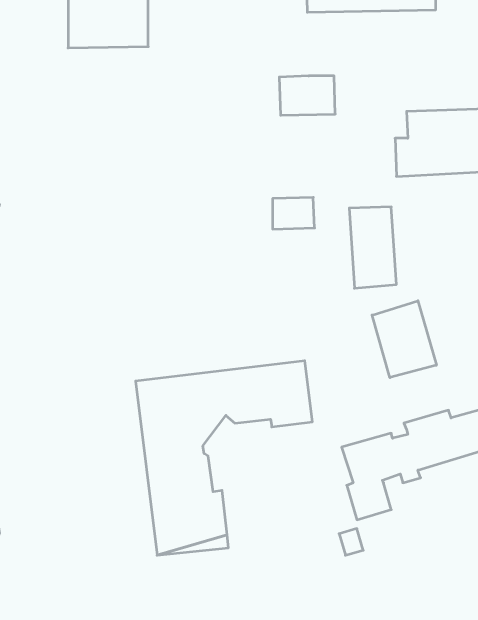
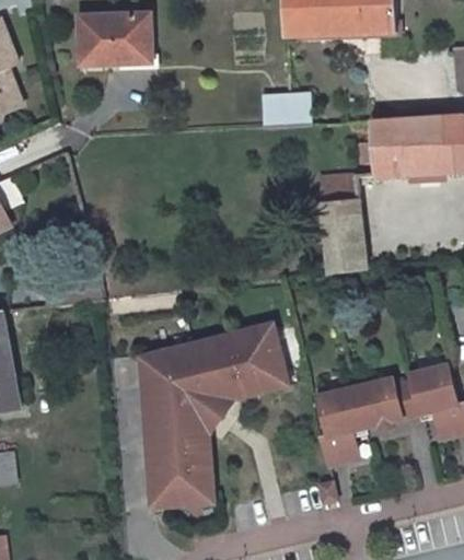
building: [273,197,315,229] -> [322,176,358,203]
building: [372,301,436,378] -> none
building: none -> [196,382,255,447]

